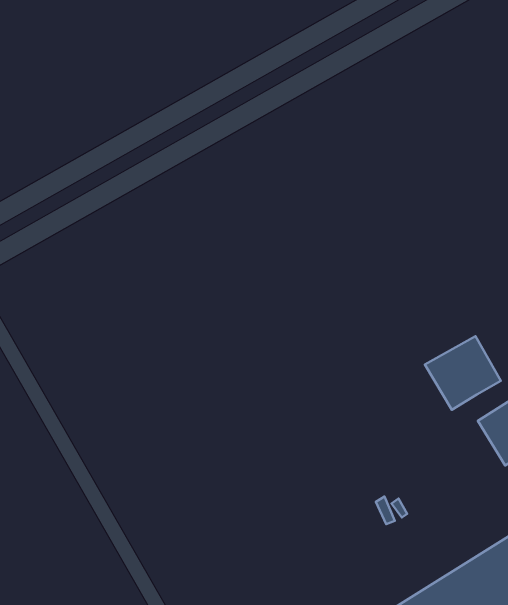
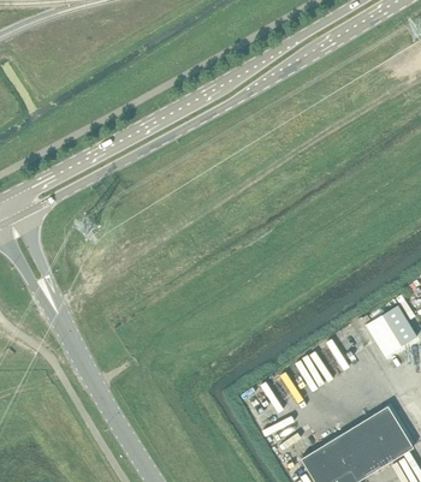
building: [425,336,501,410] -> none

